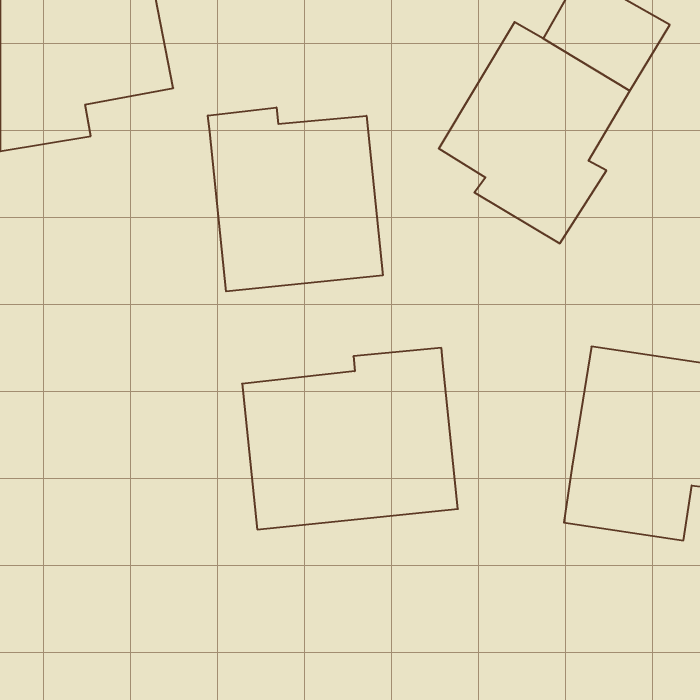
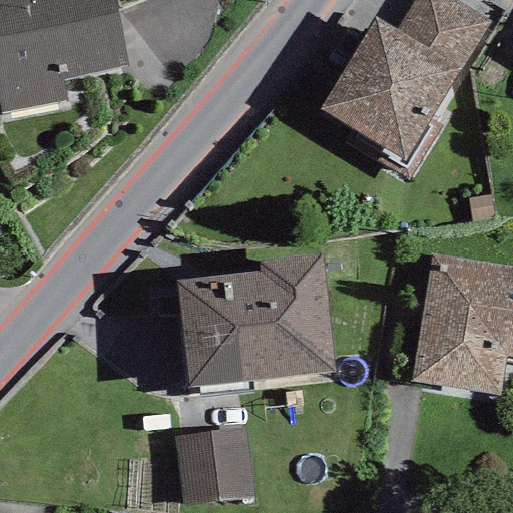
building: [208,107,383,291] -> none
building: none -> [175,427,253,503]

